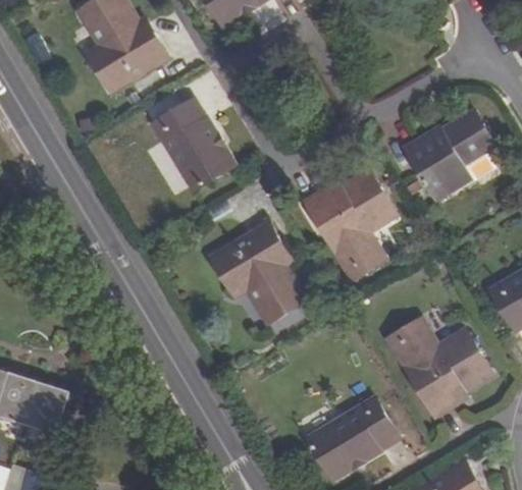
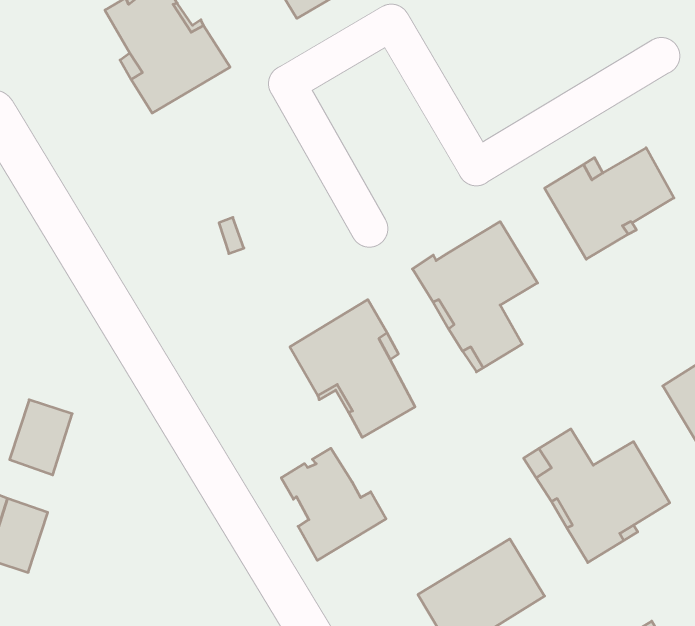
building: [150,98,232,189] -> none
building: none -> [281,448,386,560]
building: [22,381,68,436] -> [10,400,72,475]

